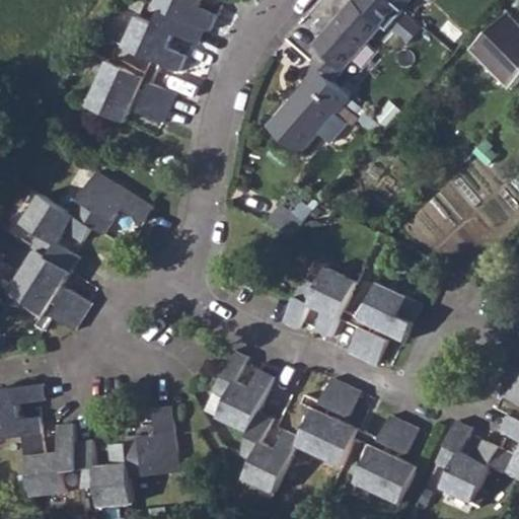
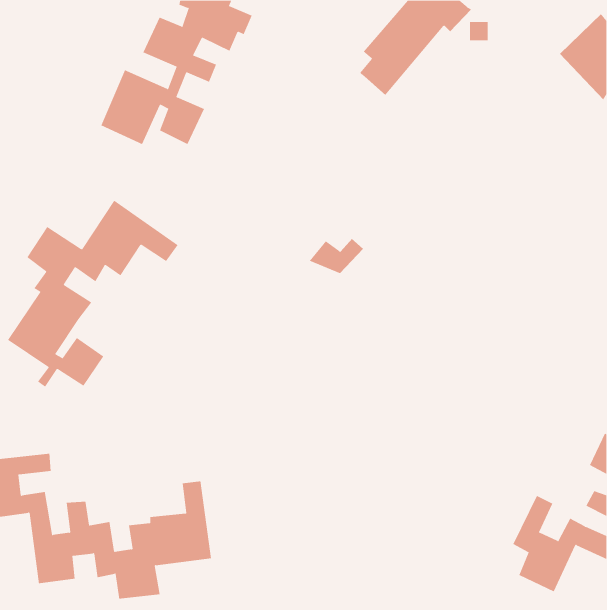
building: [262,66,344,154] -> none
building: [280,266,420,364] -> none
building: [214,352,419,505] -> none

